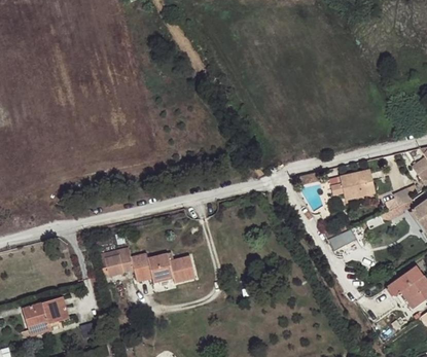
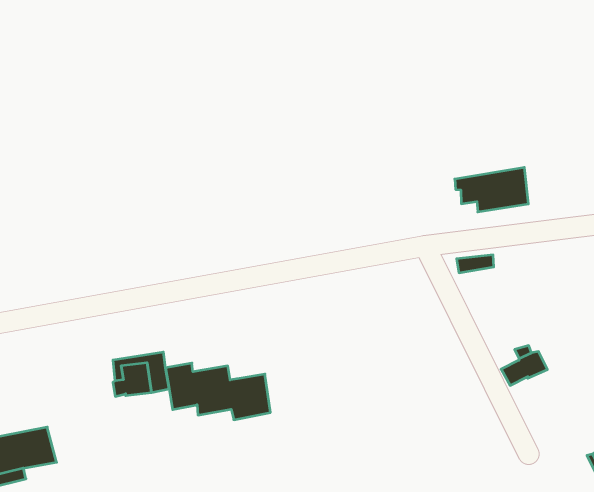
building: [330,170,376,199] -> [455,167,528,212]

